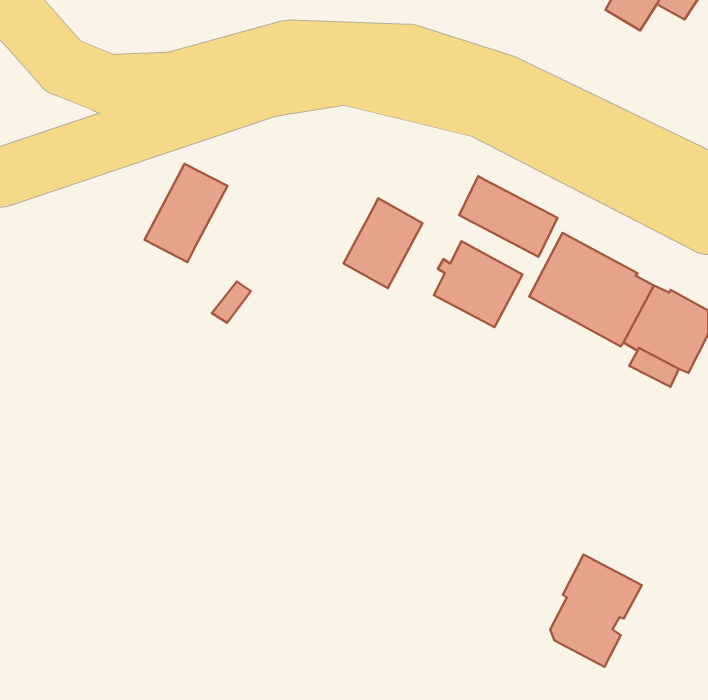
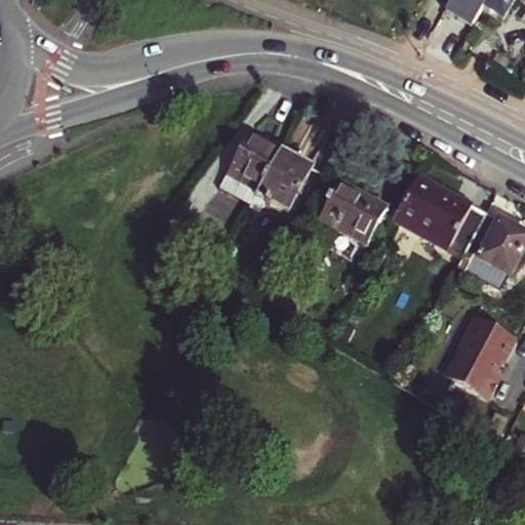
building: [144,164,228,262] -> [216,134,278,207]
building: [459,176,557,257] -> none
building: [550,555,642,667] -> [449,314,517,397]

